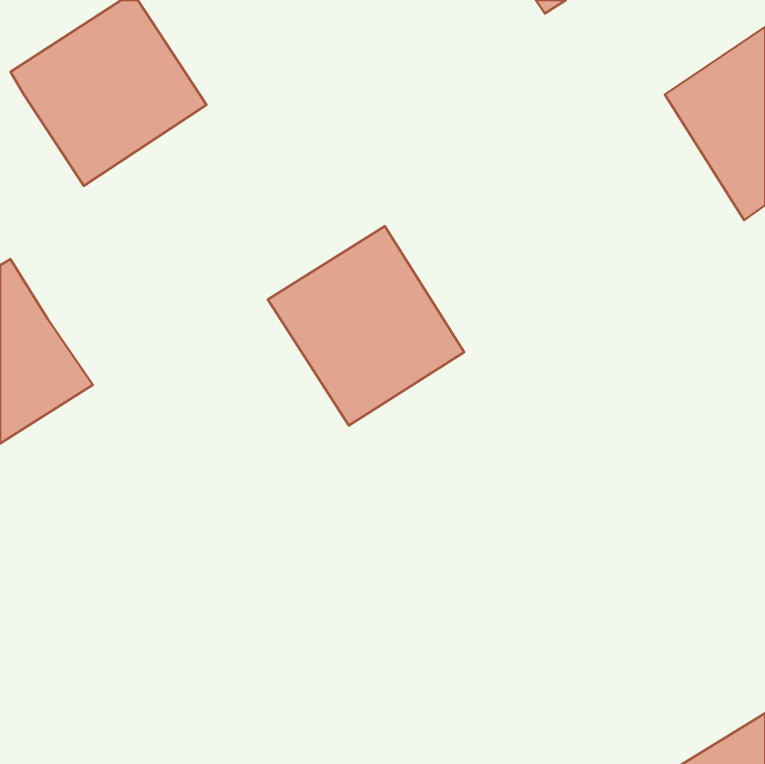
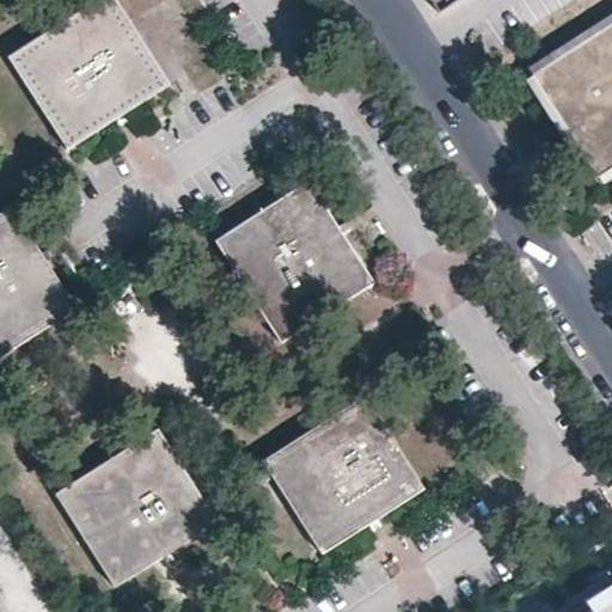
building: none -> [262,397,421,552]
building: none -> [54,430,214,586]

